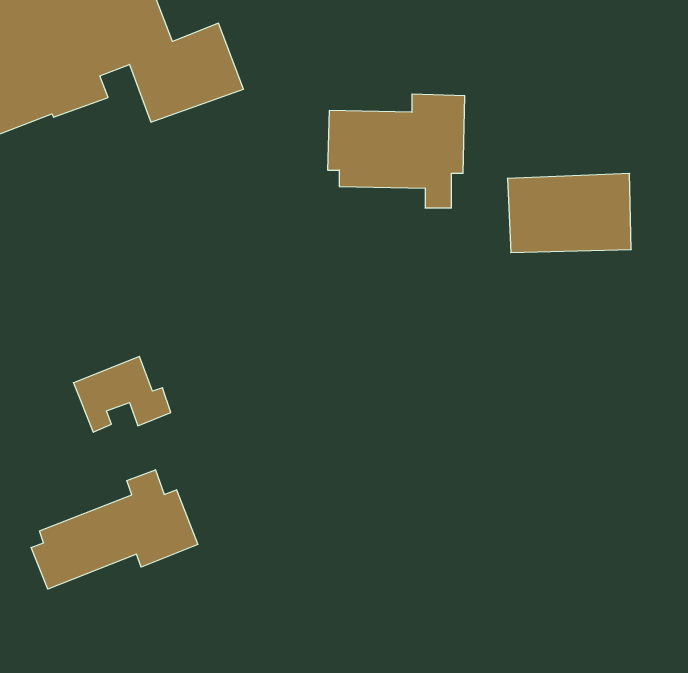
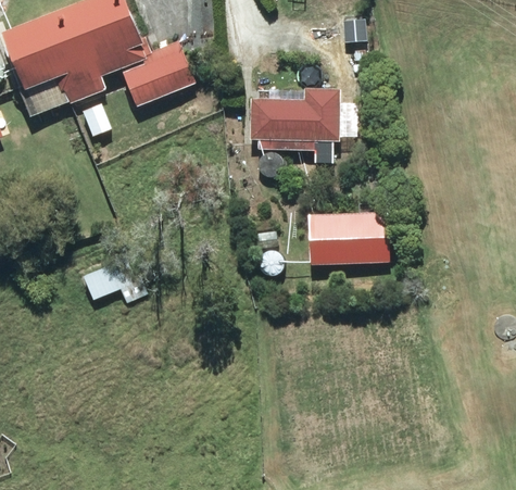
building: [507,173,631,253] -> [307,212,389,264]
building: [31,470,198,589] -> none

